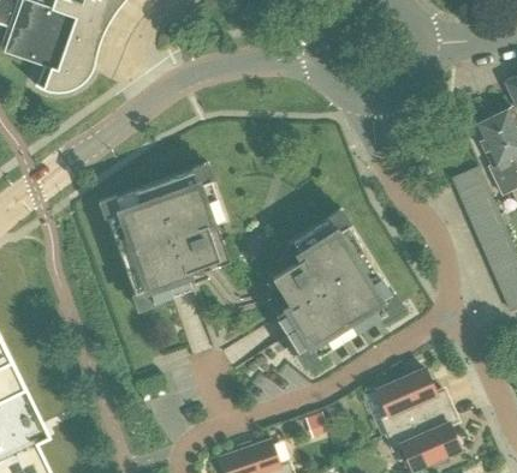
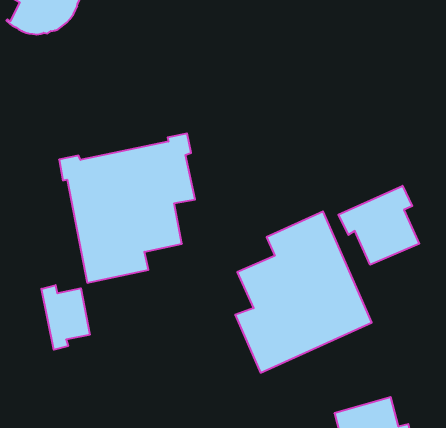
building: none -> [338,186,419,265]
building: none -> [41,285,90,350]

